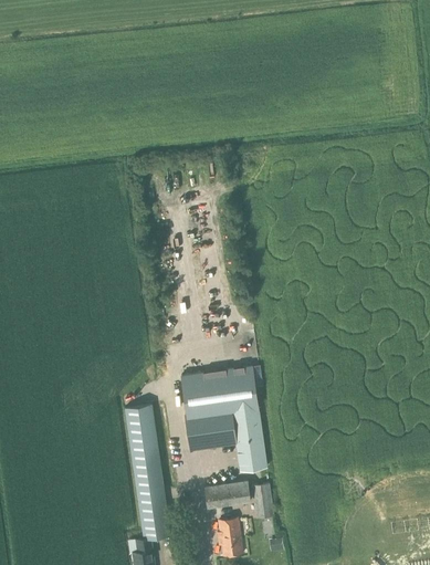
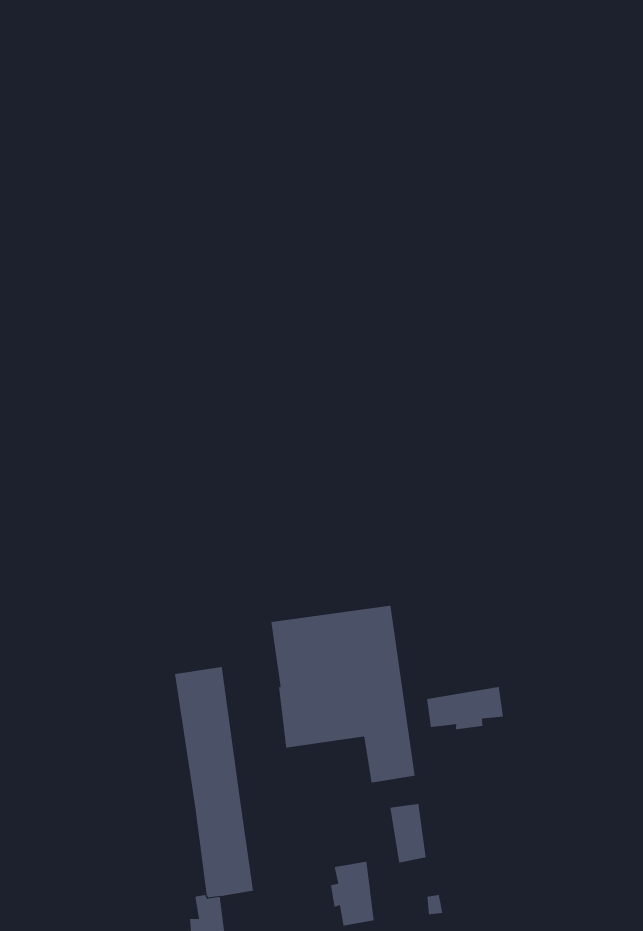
building: none -> [427,686,504,730]
building: [204,481,250,508] -> none

